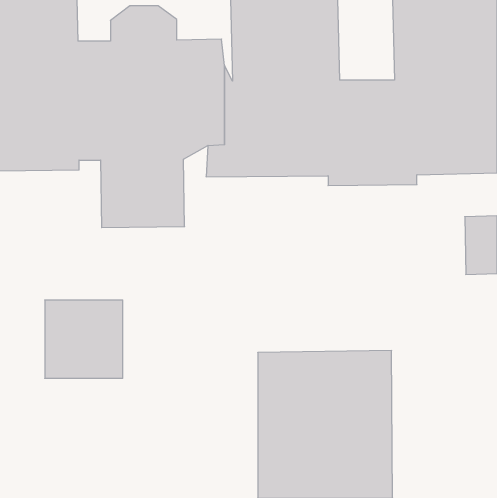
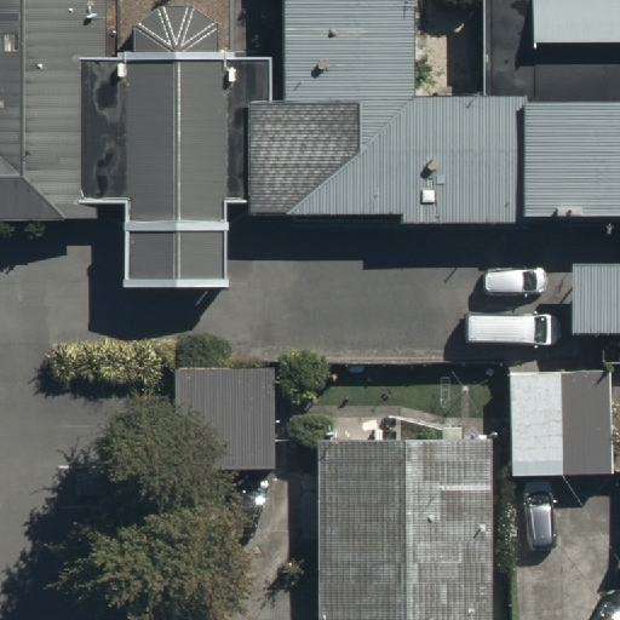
building: none -> [512,372,610,471]
building: [45,300,123,378] -> [177,371,274,467]

